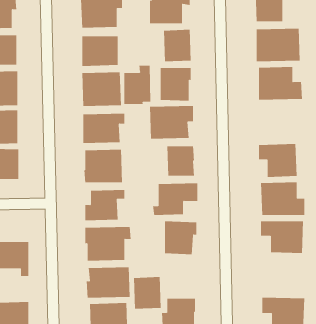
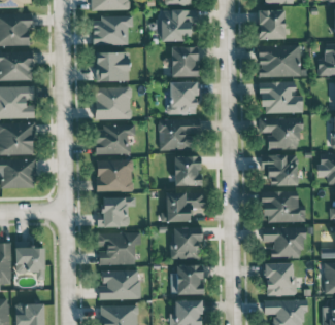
building: [124,65,151,105] -> none
building: none -> [263,118,303,149]
building: none -> [265,262,295,295]
building: [133,277,162,309] -> [176,264,203,295]

